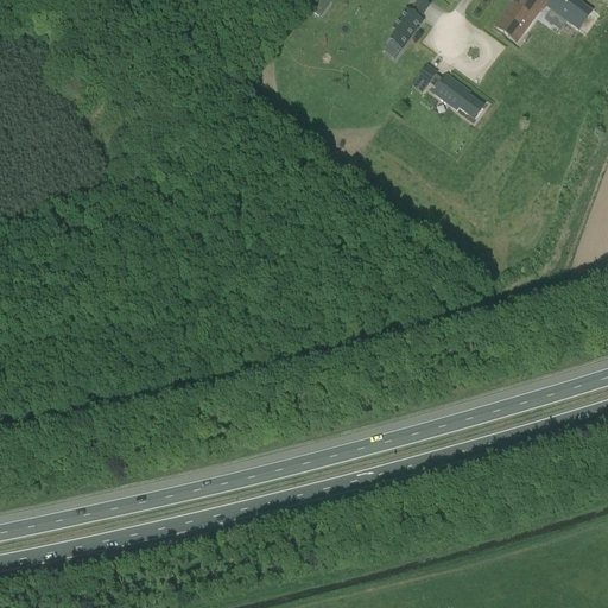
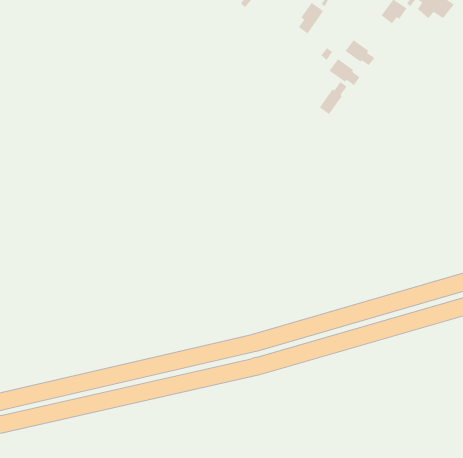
building: none -> [345,39,375,66]
building: none -> [319,81,348,115]

